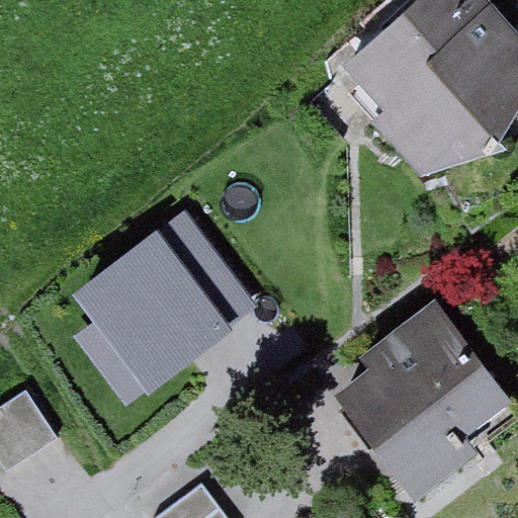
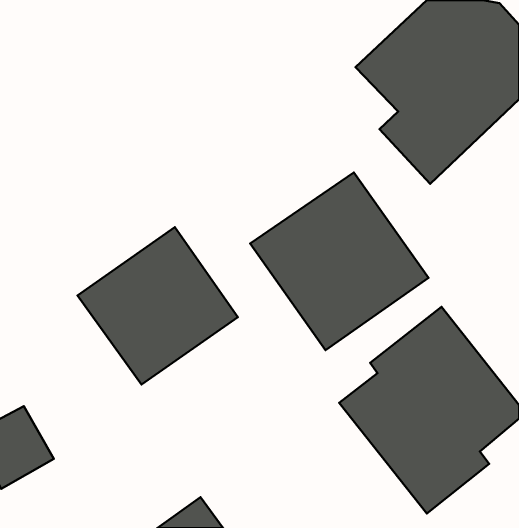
building: none -> [250,172,428,350]

